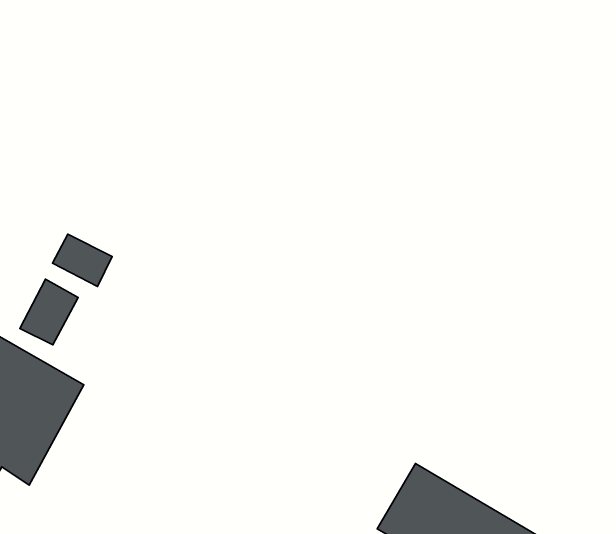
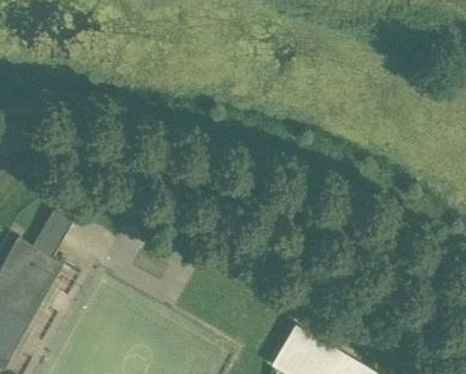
building: [52,234,112,287] -> none

